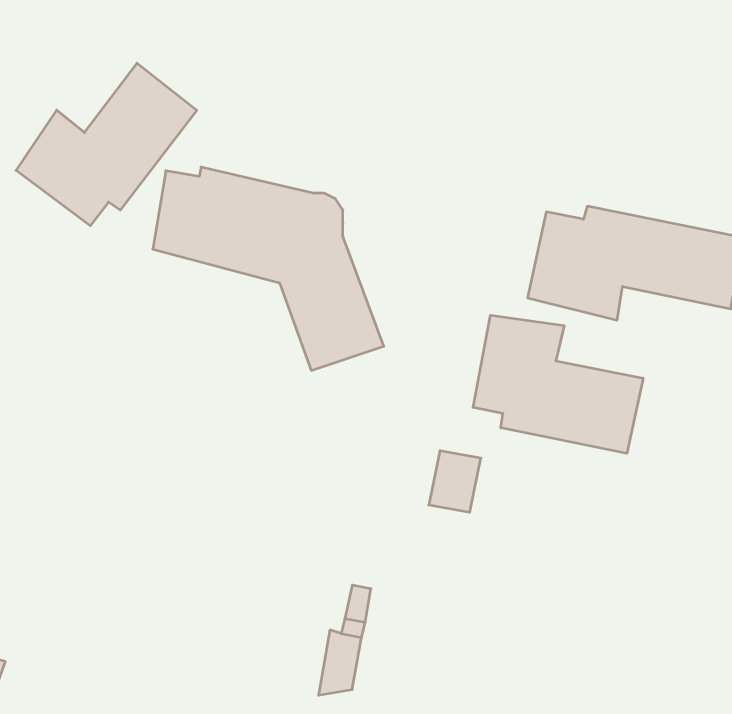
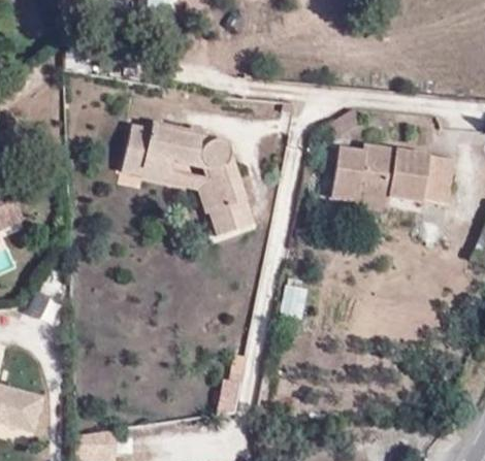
building: [16,63,197,226] -> none
building: [473,315,643,453] -> none

